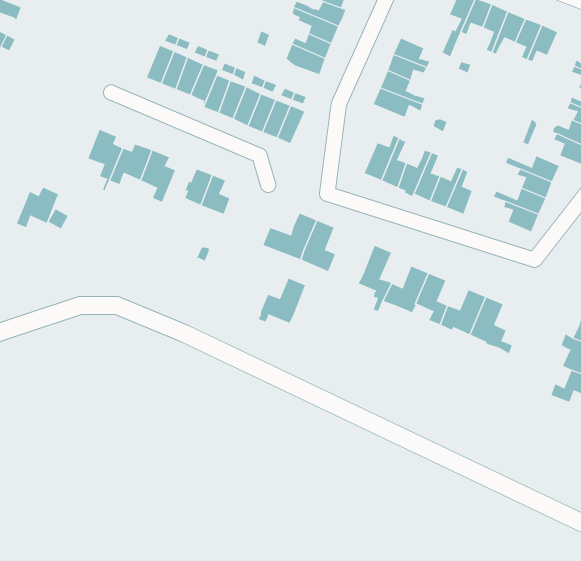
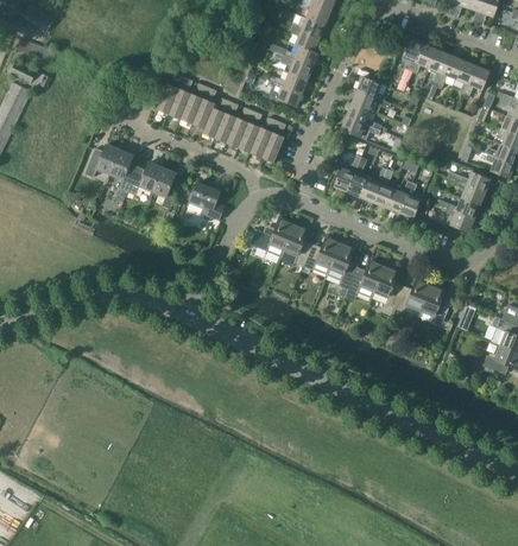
building: [16,187,59,228] -> [84,144,119,177]
building: [257,278,306,324] -> [302,237,341,274]

